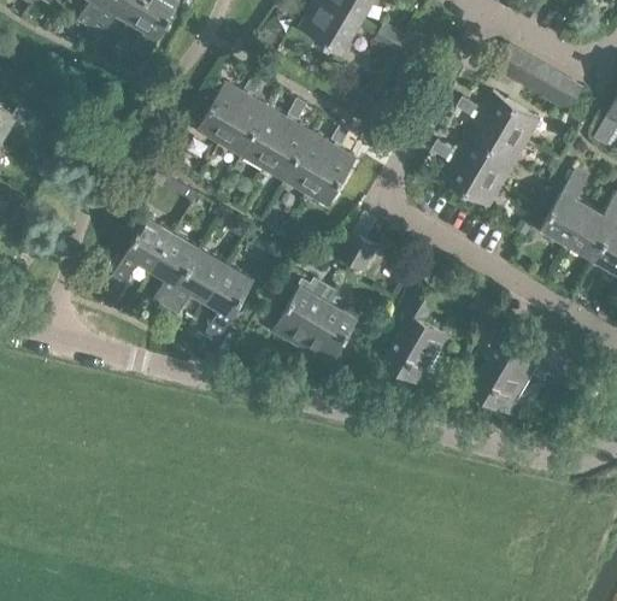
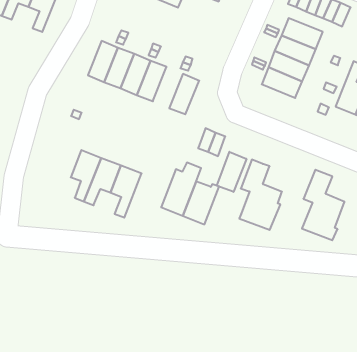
building: [286,135,334,194] -> none
building: [112,219,174,285] -> none
building: none -> [217,152,246,192]

